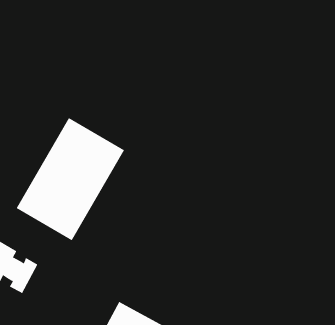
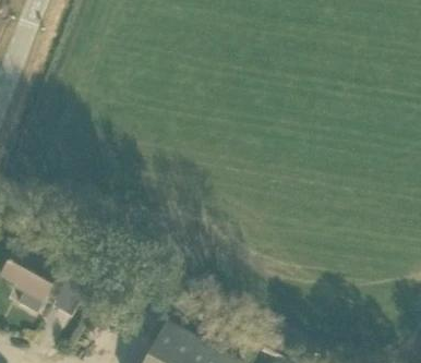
building: [16,117,125,241] -> none

